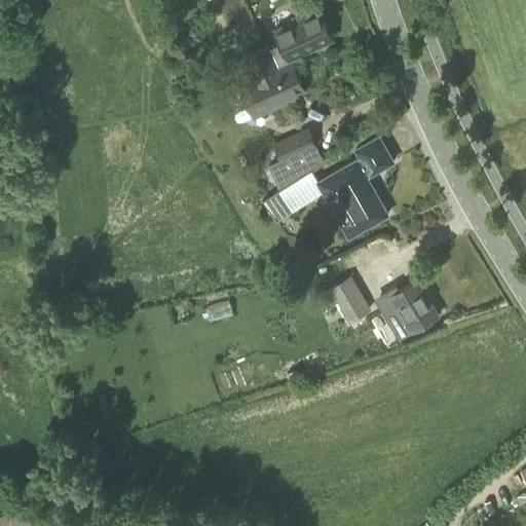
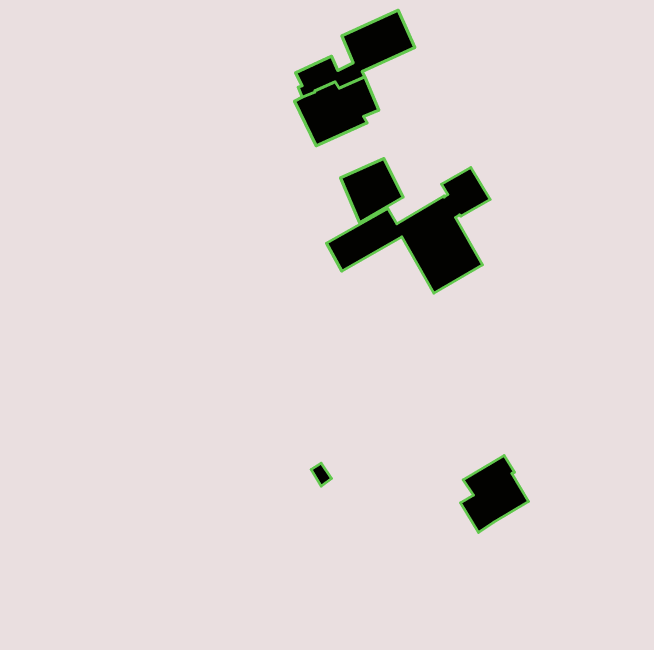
building: [330,278,371,325] -> none
building: [384,279,439,341] -> [461,456,528,532]

